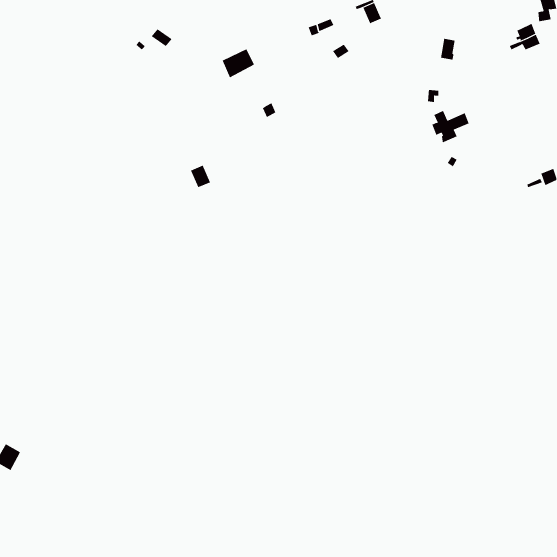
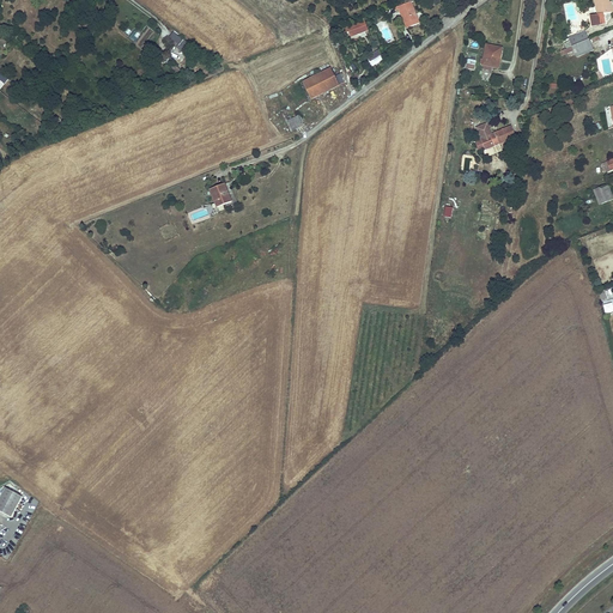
building: [222,49,255,78] -> [302,66,338,98]

